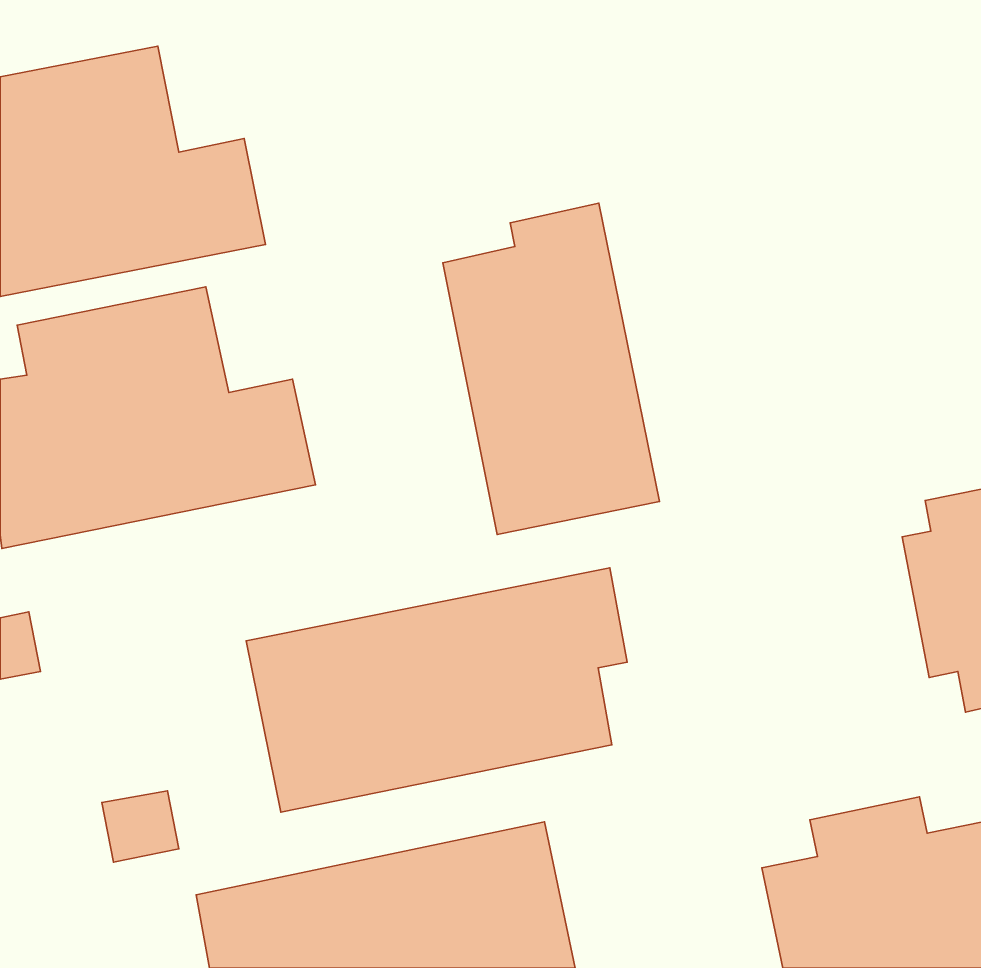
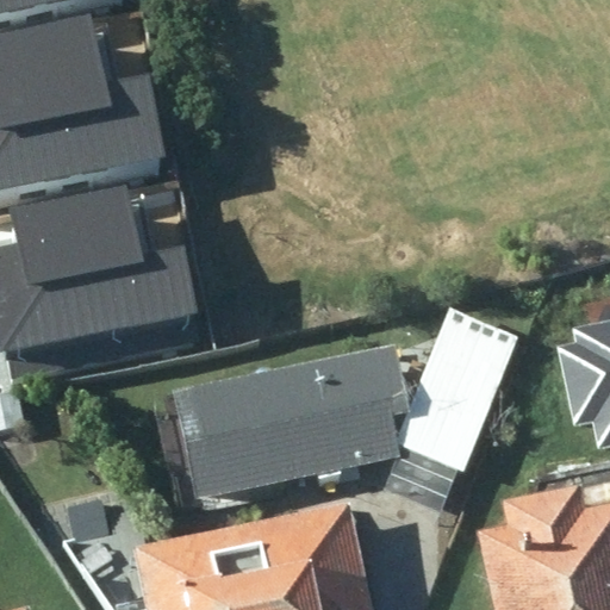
building: [443,203,659,534] -> none
building: none -> [381,316,517,516]

